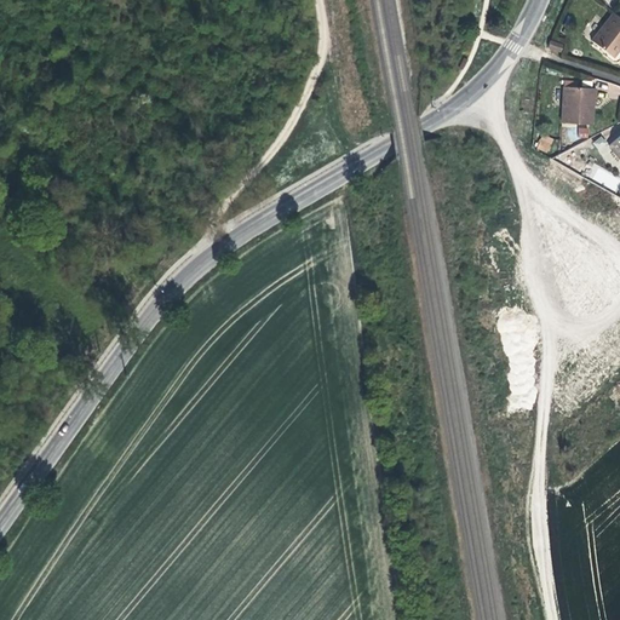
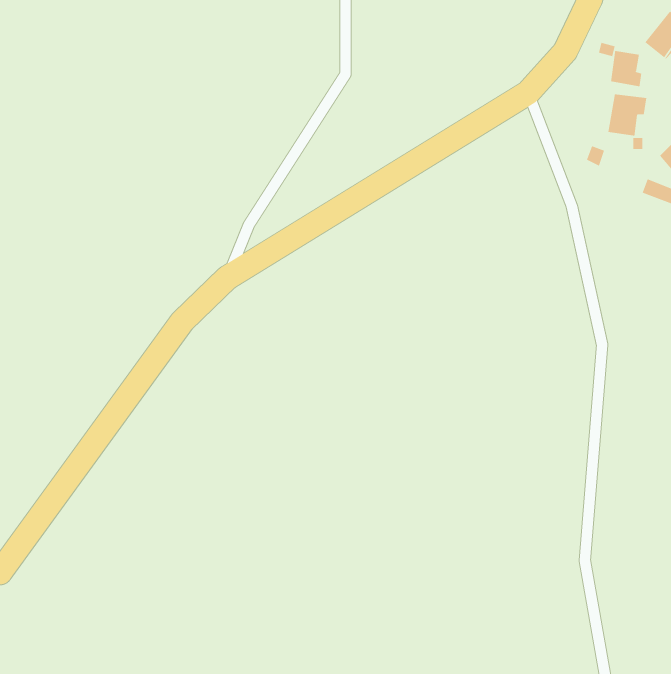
building: none -> [611,50,642,87]

